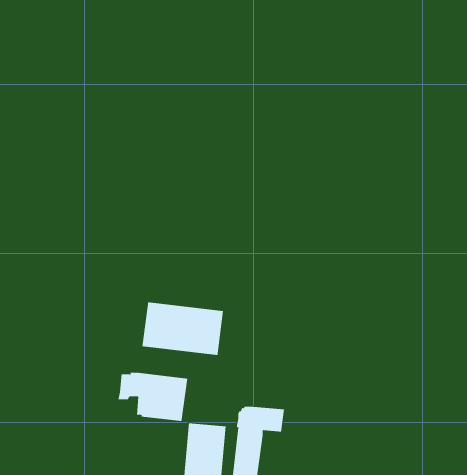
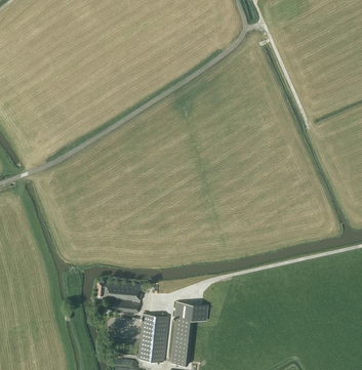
building: [142,302,223,356] -> none

